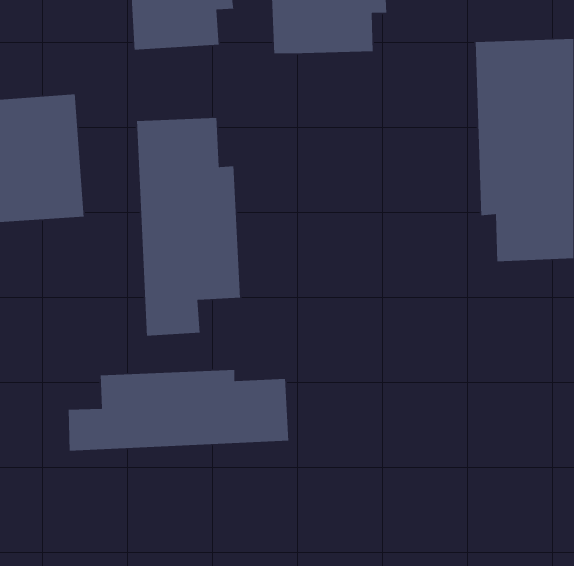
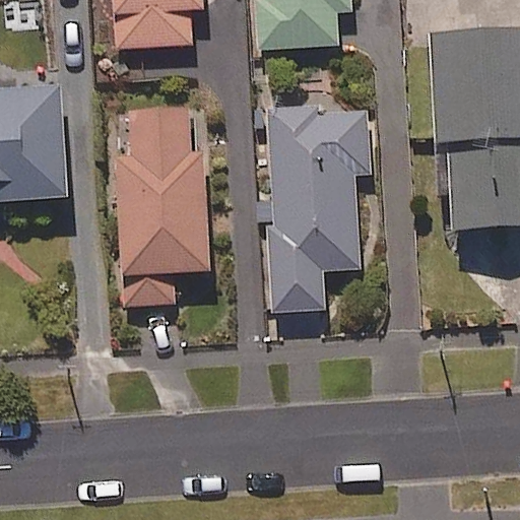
building: none -> [265,105,371,312]
building: [68,369,289,451] -> none

